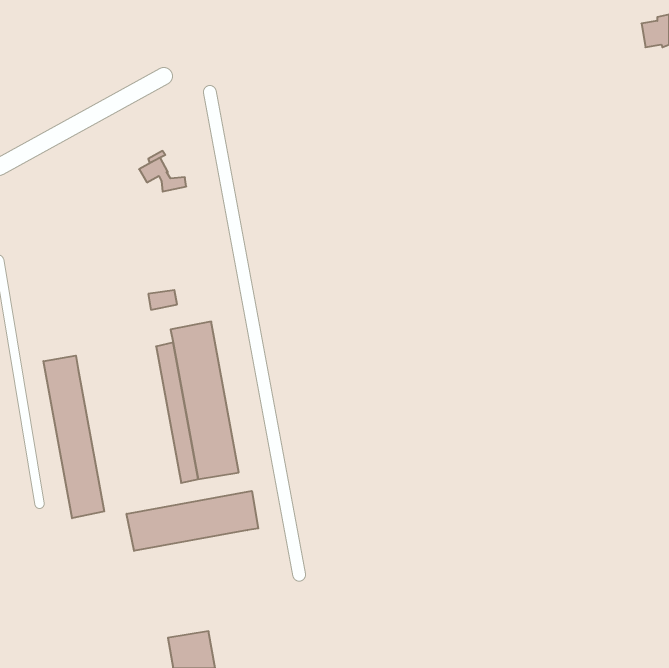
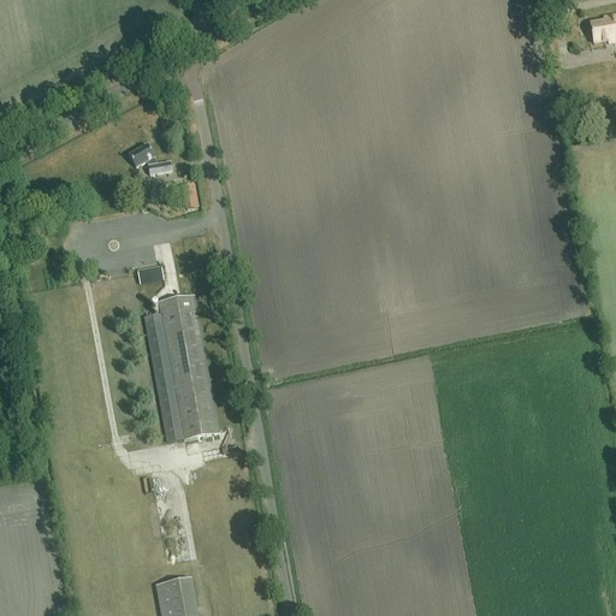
building: [43,356,104,518] -> none
building: [127,491,258,551] -> none

